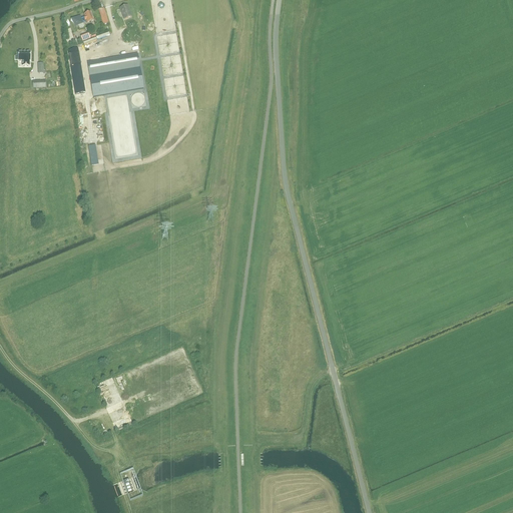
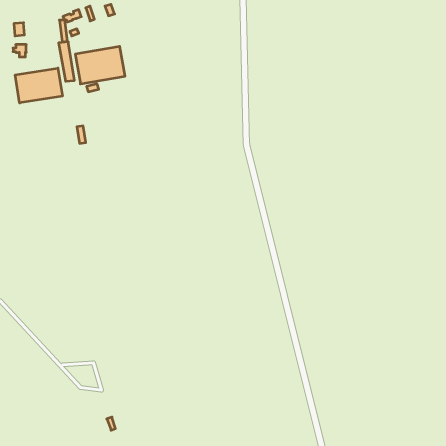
building: none -> [15,68,62,103]

